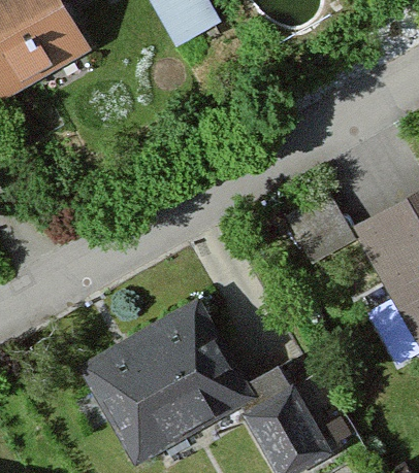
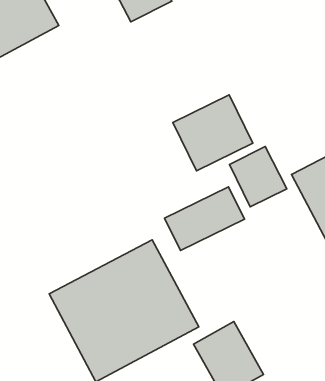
building: none -> [173,95,253,171]
building: none -> [164,187,244,251]

